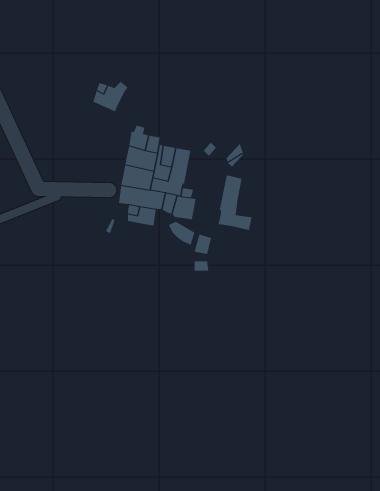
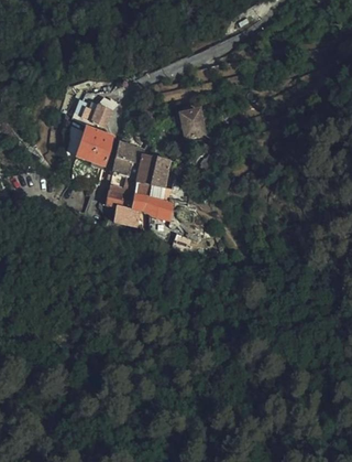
building: none -> [180,110,205,137]
building: none -> [73,127,116,166]
building: [218,175,252,231] -> none

